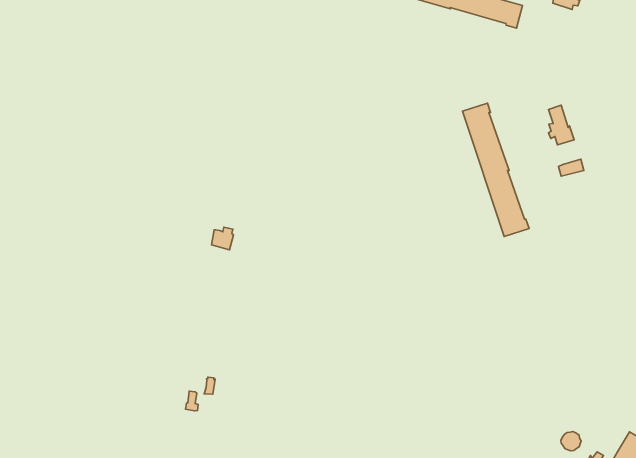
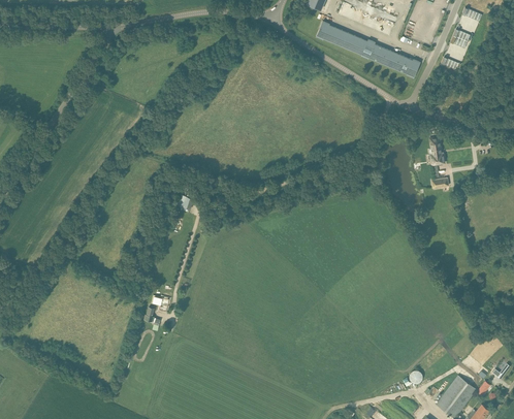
building: [462,103,529,236] -> none

